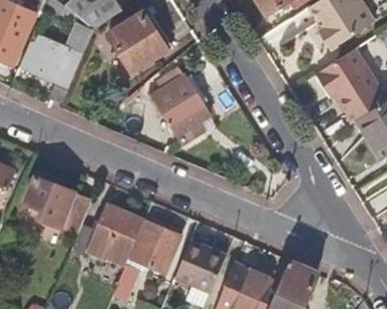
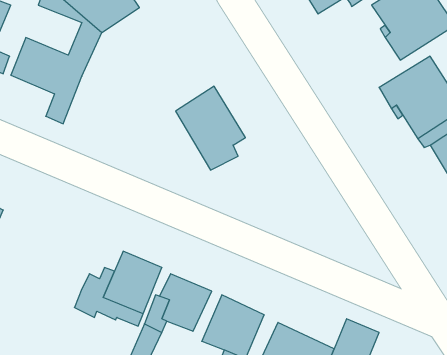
building: [107,8,170,71] -> none
building: [25,177,91,235] -> none

